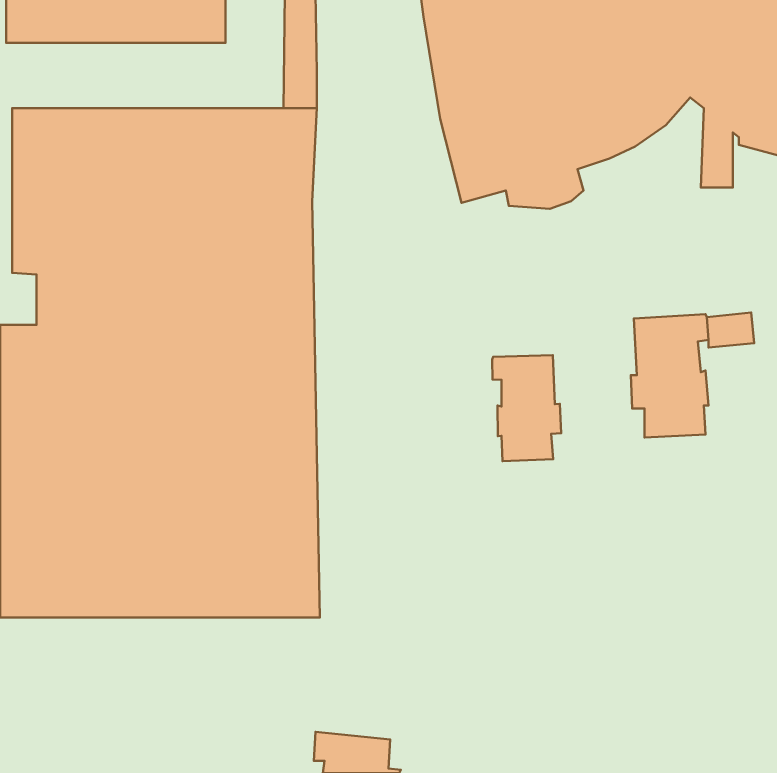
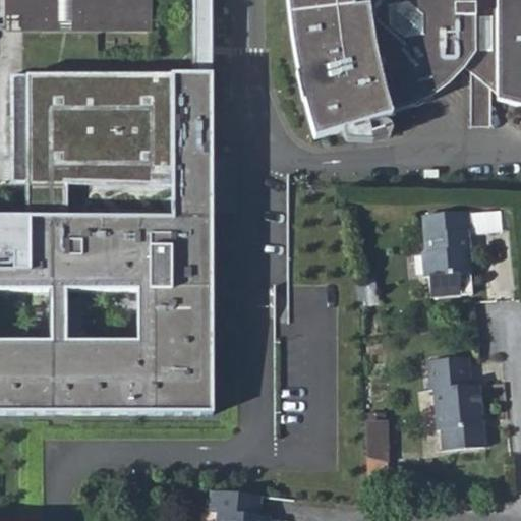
building: [492,355,561,461] -> none
building: none -> [426,354,484,447]
building: none -> [365,419,391,458]

